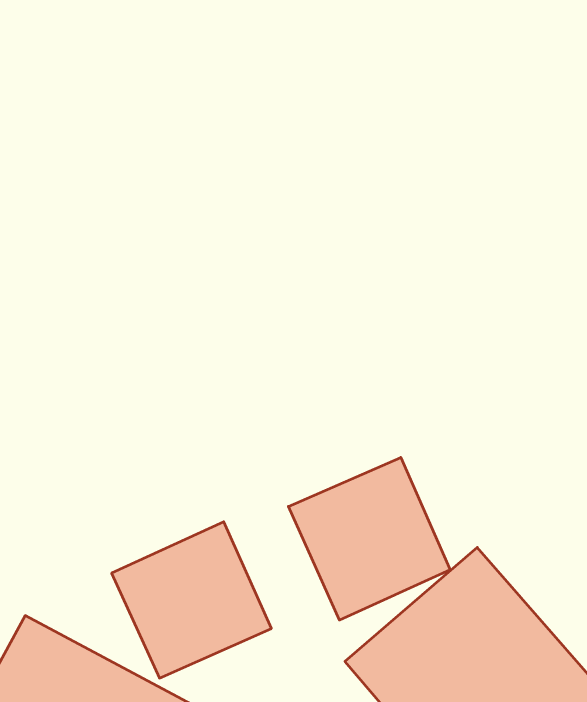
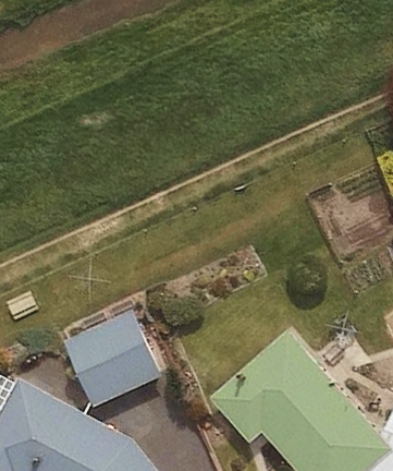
building: [288,457,450,620] -> none

